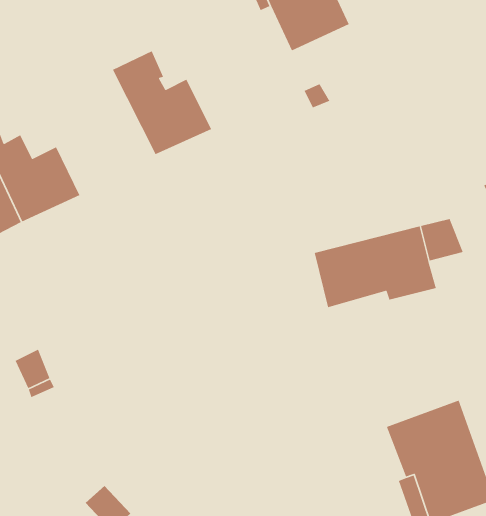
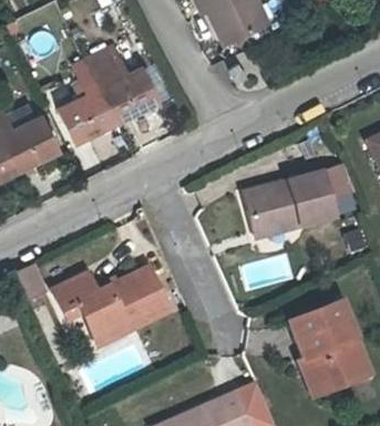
building: none -> [60,56,121,141]
building: none -> [55,269,174,340]

